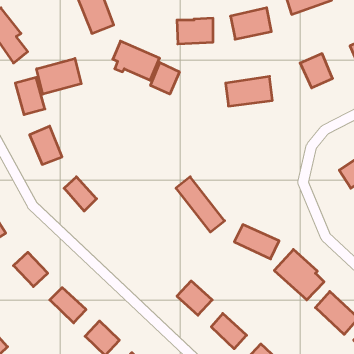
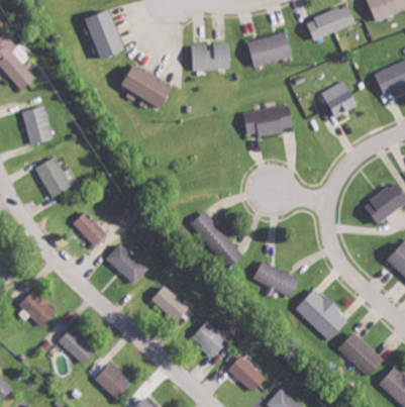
building: [37,58,81,94] -> none
building: [151,62,179,94] -> none
building: none -> [104,242,147,284]
building: none -> [150,285,187,320]

